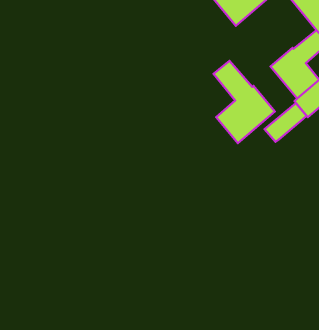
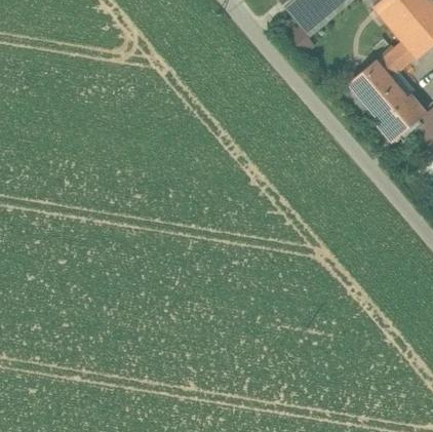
building: [214,61,275,143] -> none
building: [265,103,306,142] -> none

